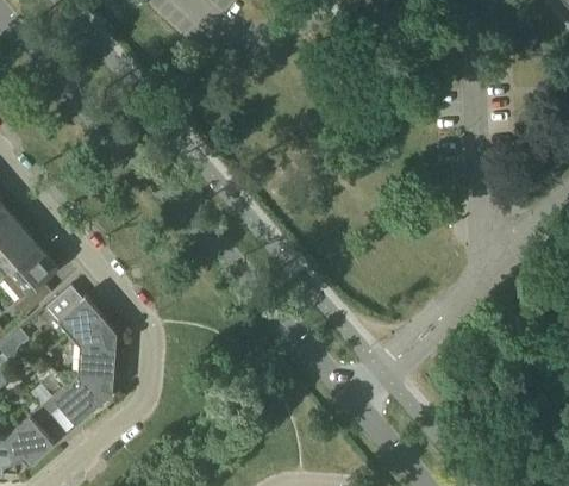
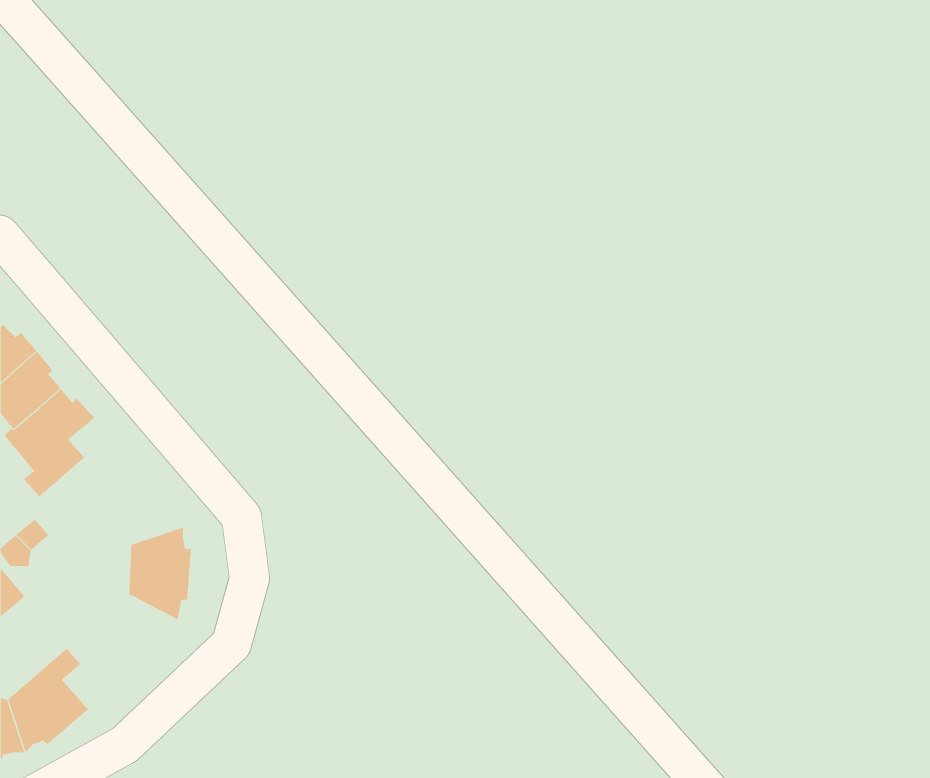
building: [46,284,111,343] -> none
building: [40,373,107,423] -> none

